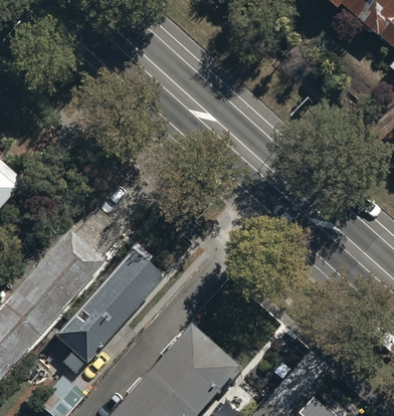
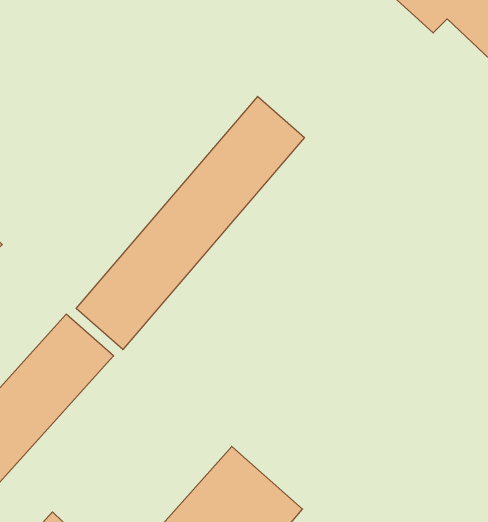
building: none -> [76,96,304,350]
building: [53,246,158,374] -> none

